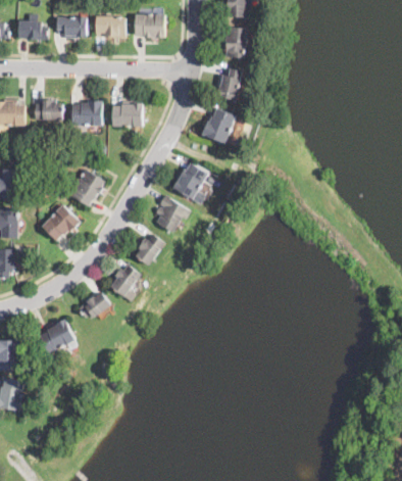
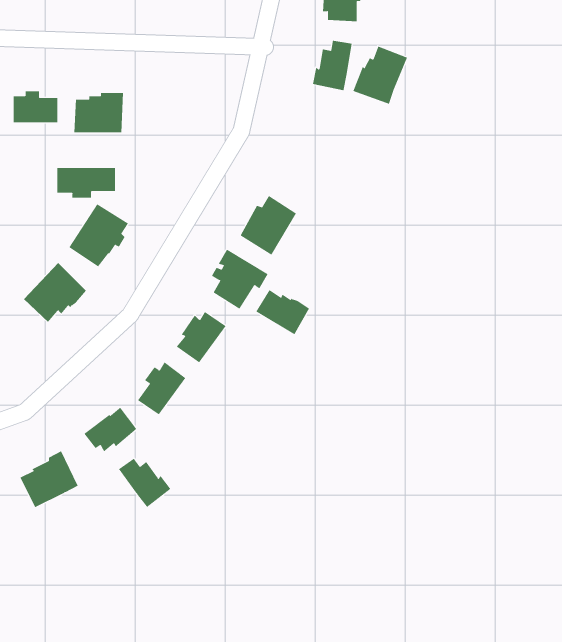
building: [111,103,142,128] -> none
building: [201,108,235,144] -> [353,46,408,105]
building: none -> [57,167,116,198]
building: none -> [255,289,310,335]
building: none -> [118,458,171,508]

